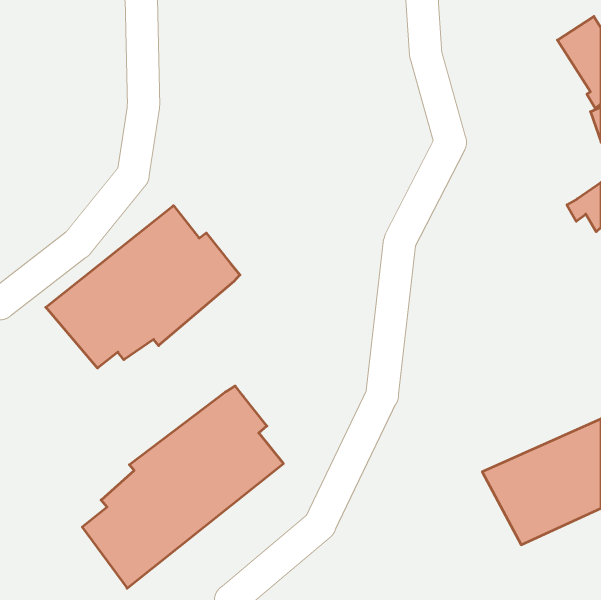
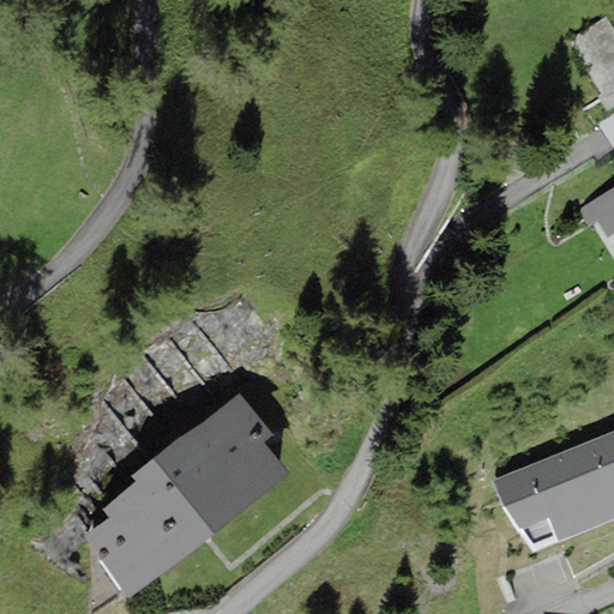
building: [46,206,240,368] -> none

